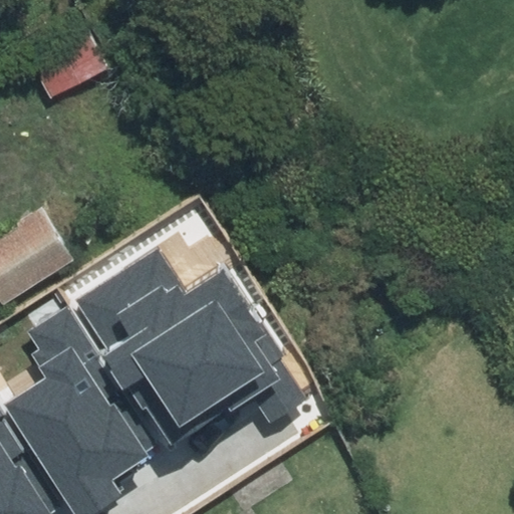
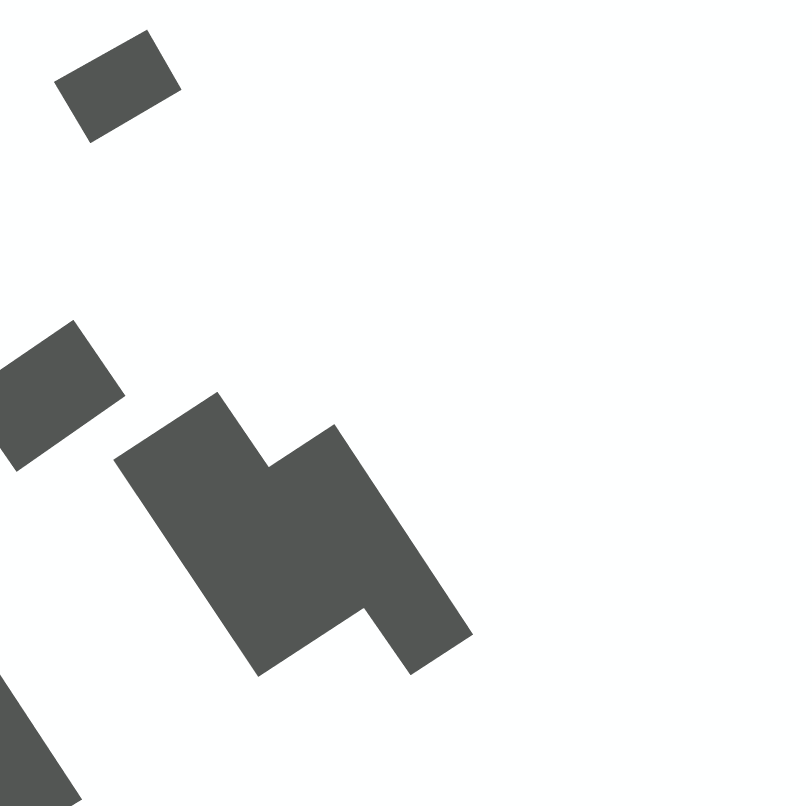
building: [6,310,147,501] -> none

